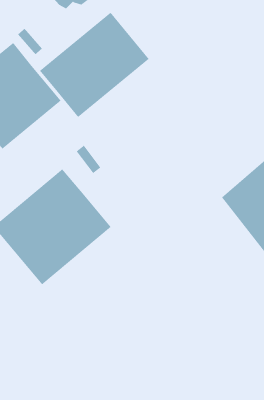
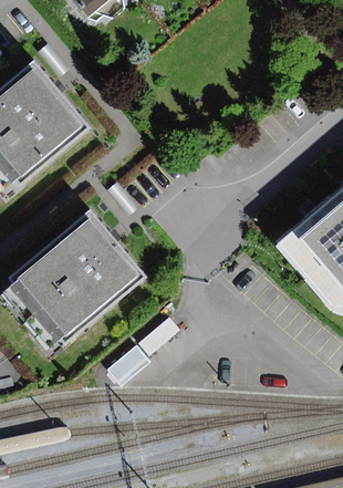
building: [39,12,150,118] -> none

